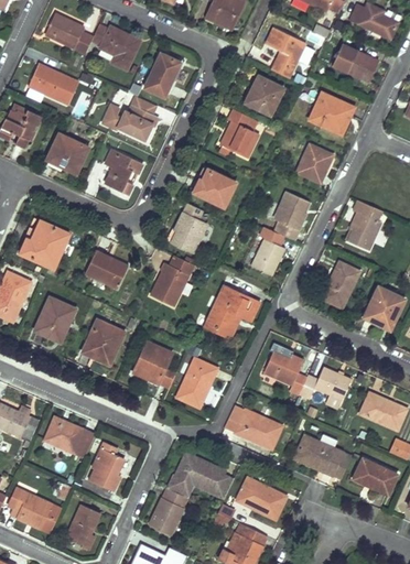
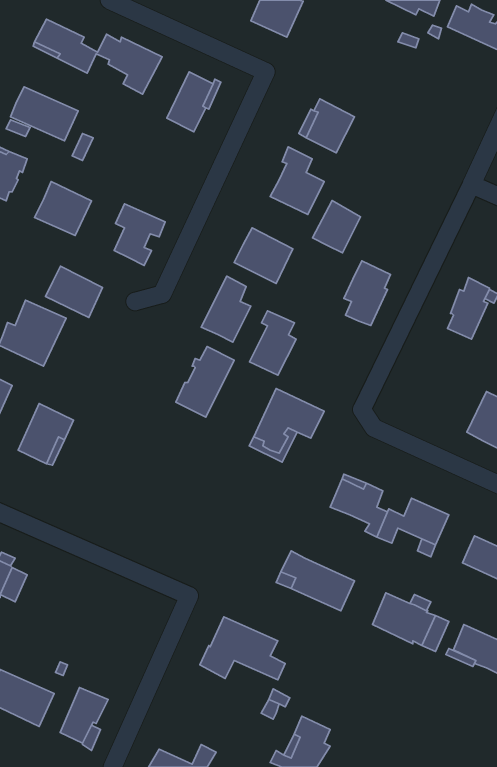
building: [268,28,305,77] -> none
building: [332,44,378,82] -> none
building: [309,93,353,132] -> none
building: [102,96,157,139] -> none
building: [296,143,332,182] -> [312,200,361,253]
building: [251,227,285,274] -> [249,311,296,375]
building: [85,251,127,289] -> [45,266,102,317]
building: [321,262,358,307] -> none
building: [82,321,123,364] -> none
building: [133,341,175,389] -> none
building: [176,359,216,408] -> none
building: [45,416,95,458] -> none
building: [88,443,125,492] -> none
building: [236,477,285,519] -> none
building: [149,488,188,536] -> none

